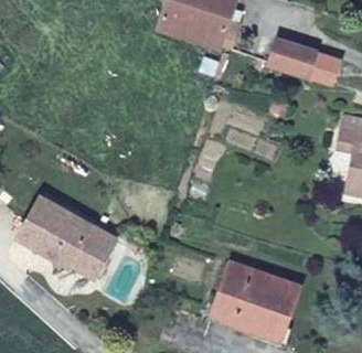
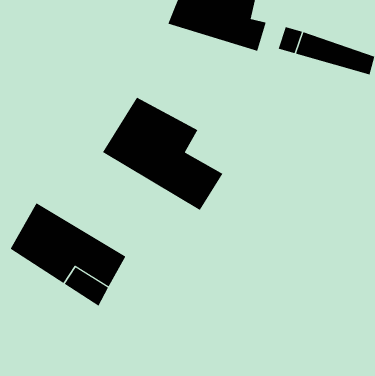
building: none -> [102,97,223,211]
building: [211,264,299,331] -> none

